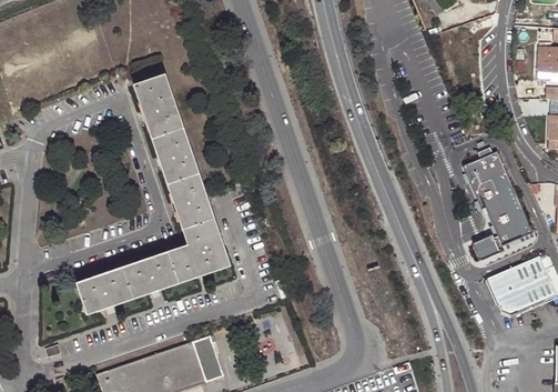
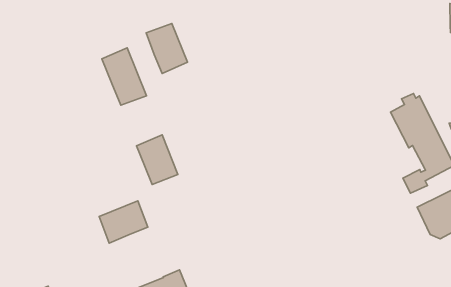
building: [153,132,199,189] -> [146,24,187,73]
building: [166,224,229,283] -> none
building: [77,268,131,314] -> none

